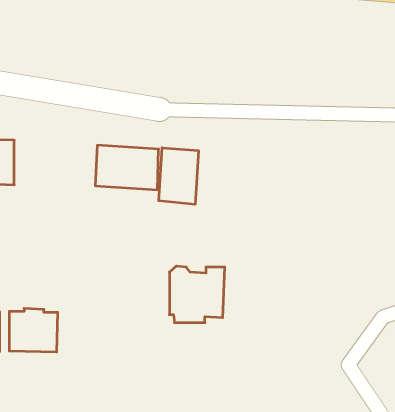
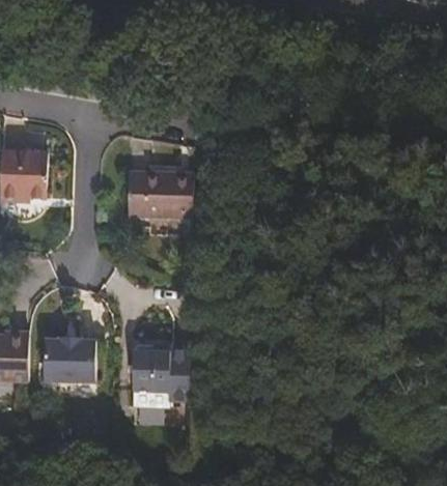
building: [159,148,198,204] -> none
building: [169,266,225,323] -> [133,342,191,401]

